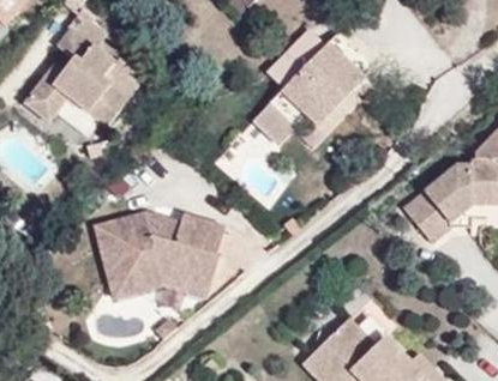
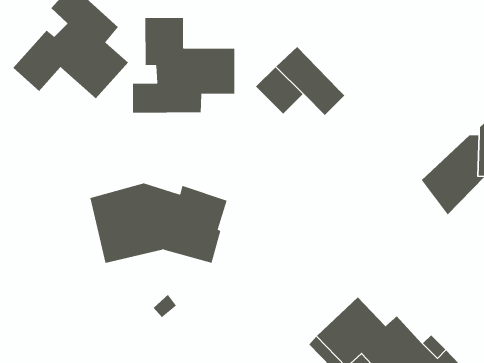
building: [290,42,370,121] -> none
building: none -> [133,17,235,114]
building: [108,273,210,298] -> none

